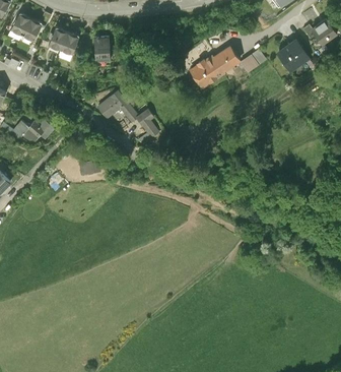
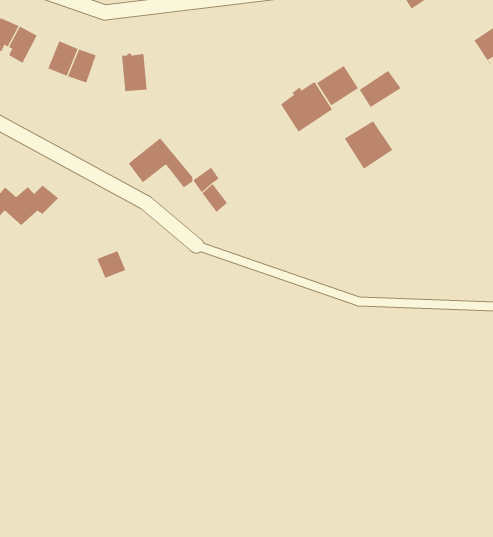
building: [278,42,309,72] -> [344,120,393,170]

